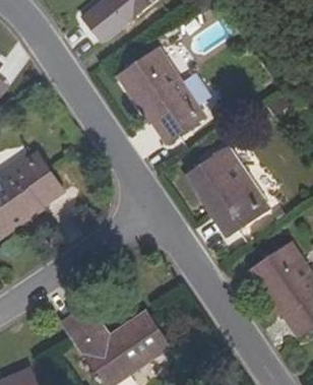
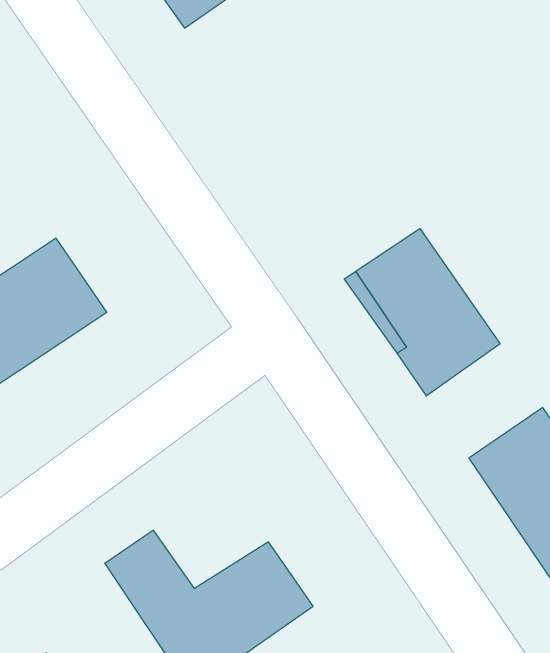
building: [119,48,205,142] -> none

